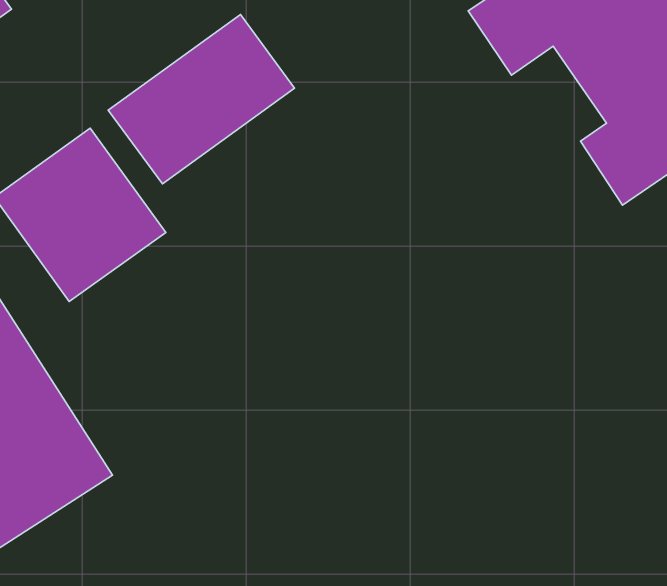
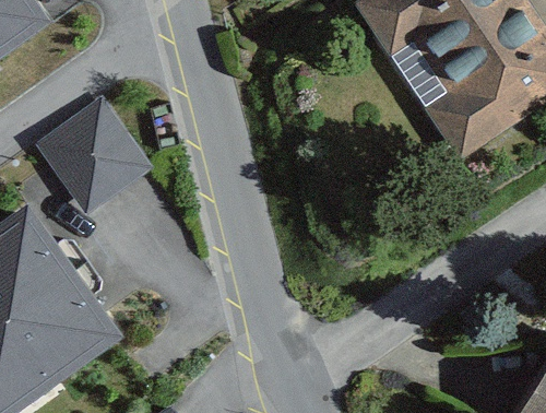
building: [108,15,295,184] -> none

